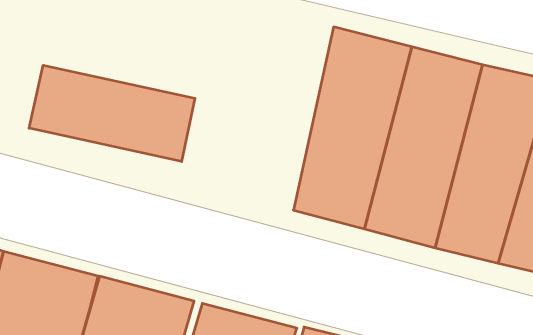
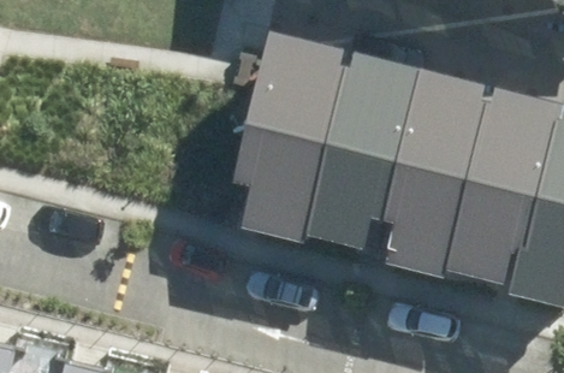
building: none -> [228,35,342,239]
building: [29,65,195,162] -> none

